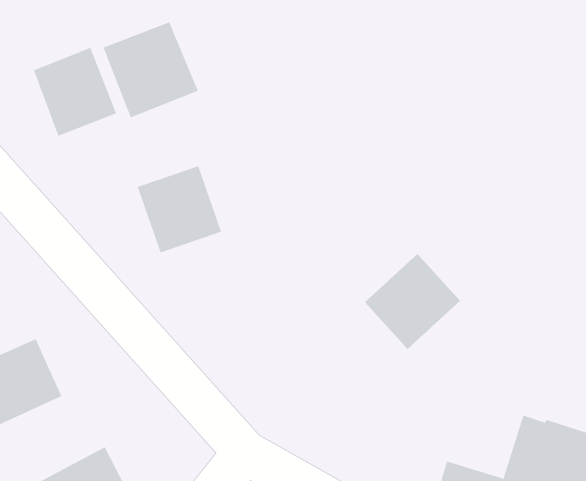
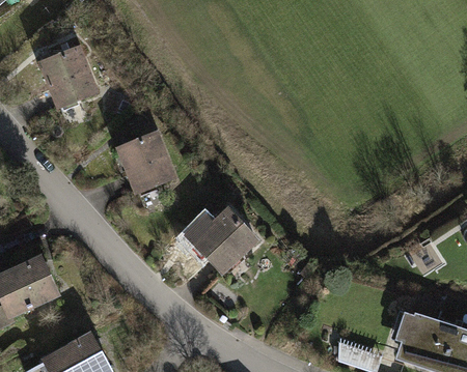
building: [103,21,199,118] -> none
building: [364,253,461,350] -> [189,204,258,274]

